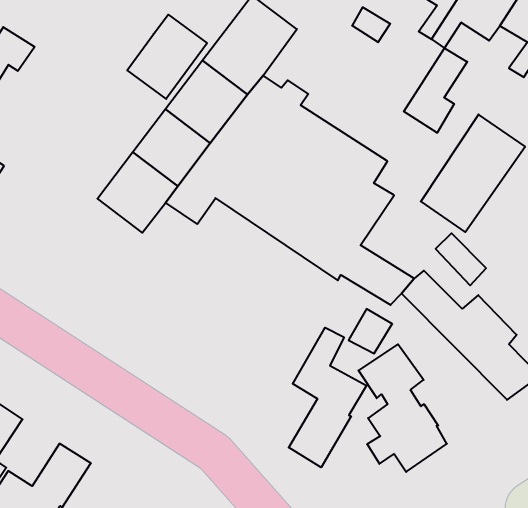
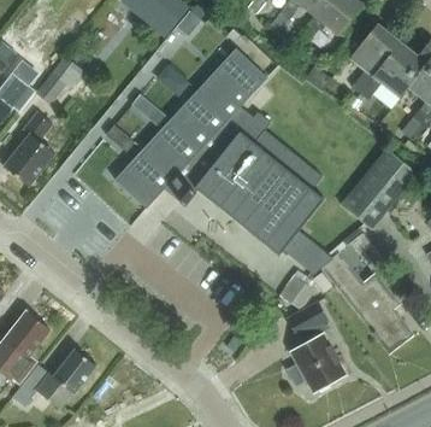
building: [127,15,207,99] -> none
building: [404,48,467,133] -> none
building: [289,328,366,467] -> none

